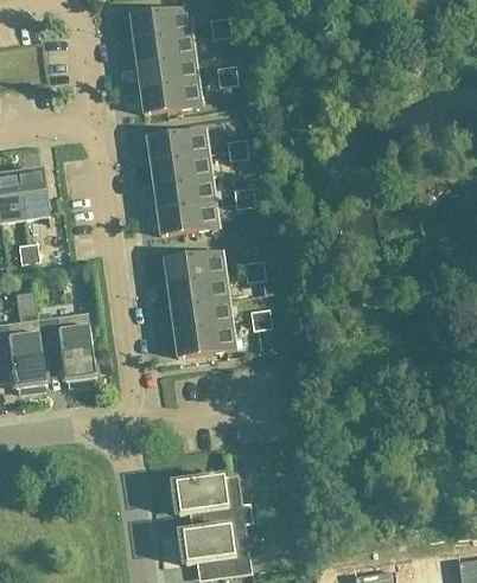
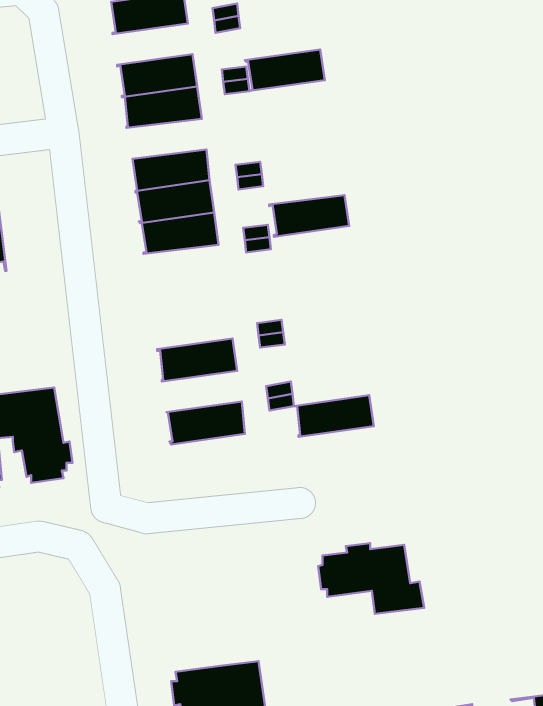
building: [132,32,193,64] -> [245,49,325,91]
building: [155,203,217,235] -> [269,195,349,237]
building: [165,251,224,283] -> none
building: [170,300,231,332] -> [294,395,374,437]
building: [171,473,253,527] -> [318,543,424,614]

